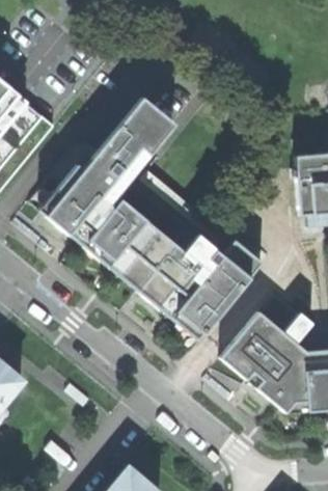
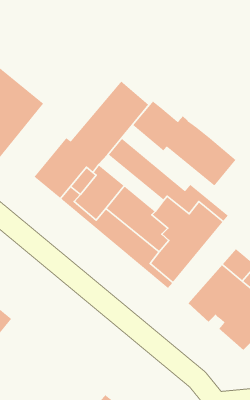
building: none -> [132,100,236,187]

